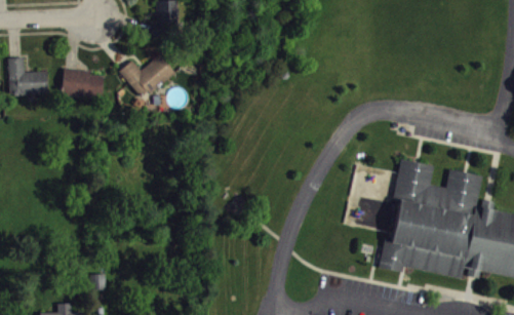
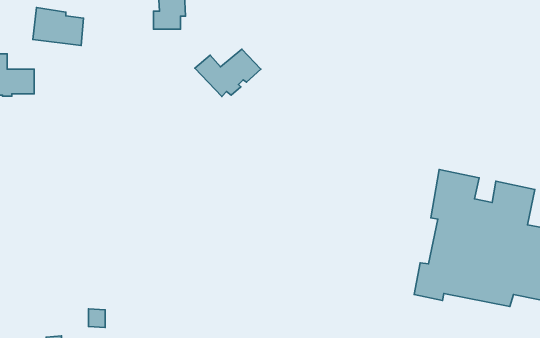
building: [119,55,176,96] -> [195,49,261,96]
building: [62,68,106,101] -> [33,8,84,45]

